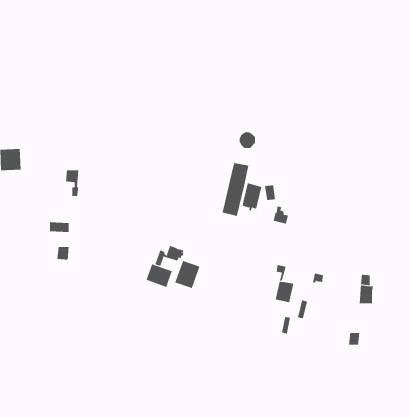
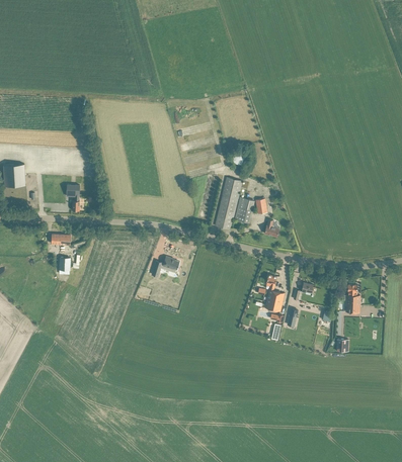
building: [175,260,200,289] -> none
building: [146,263,173,288] -> none

